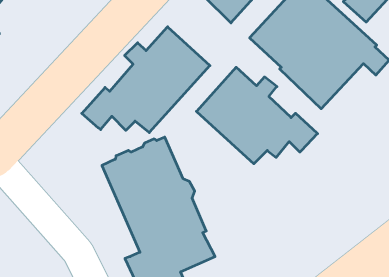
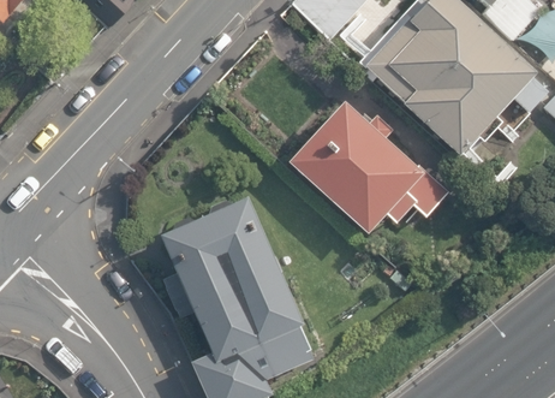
building: [82,27,210,133] -> none

